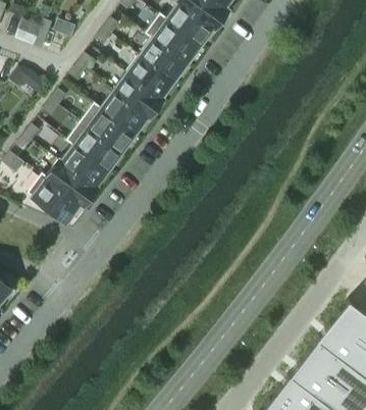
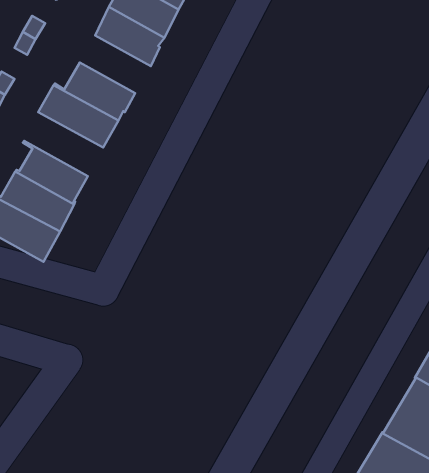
building: [113,73,162,117] -> none
building: [67,121,121,170] -> none

